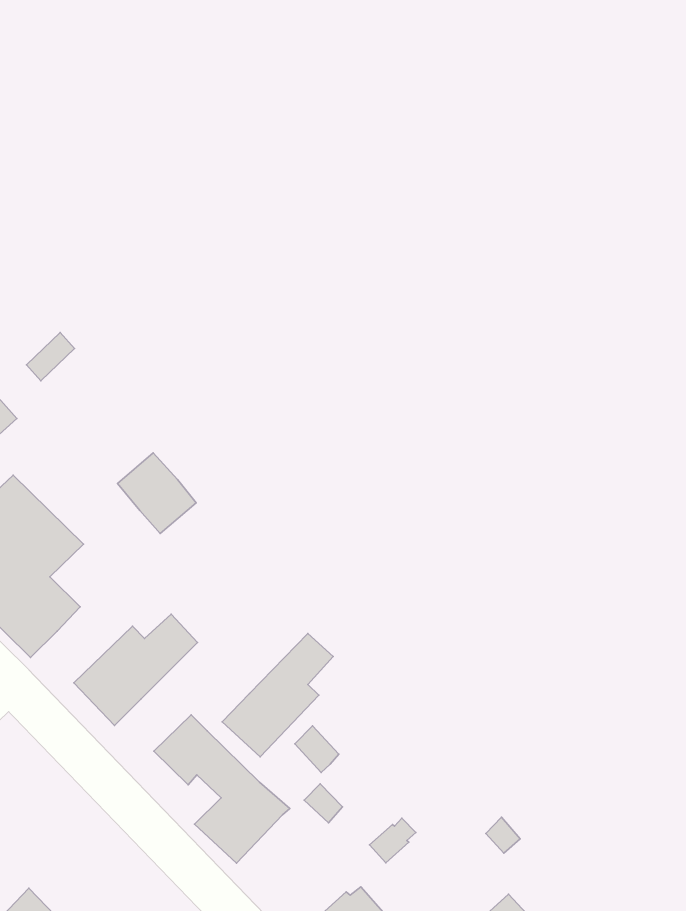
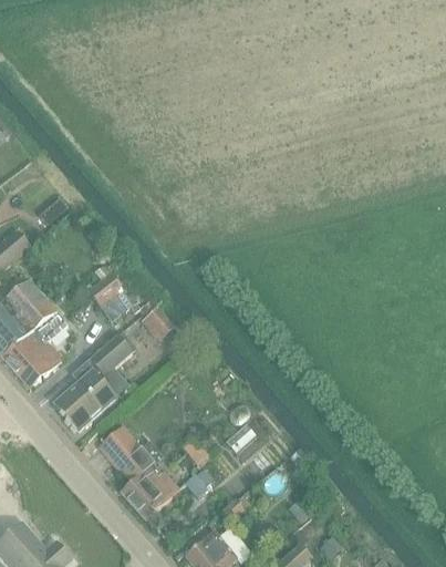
building: none -> [87,334,131,375]
building: [222,634,333,757] -> none

